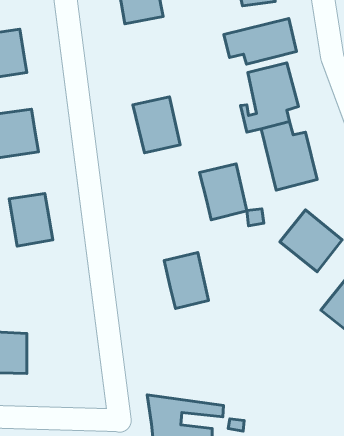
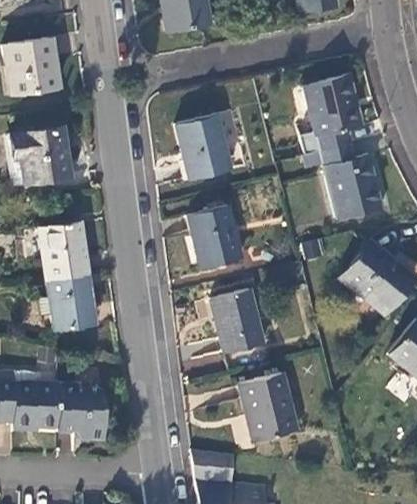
building: [224,18,297,64] -> none
building: [200,164,247,220] -> [188,205,241,268]
building: none -> [47,276,95,330]
building: none -> [239,373,296,441]
building: none -> [58,380,104,439]

